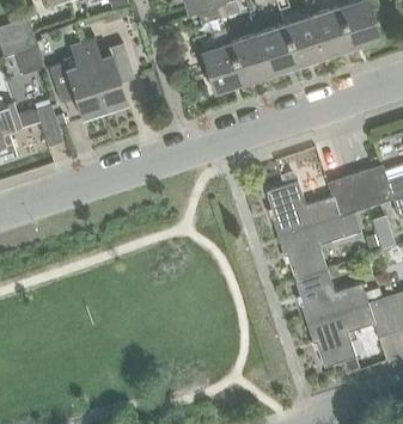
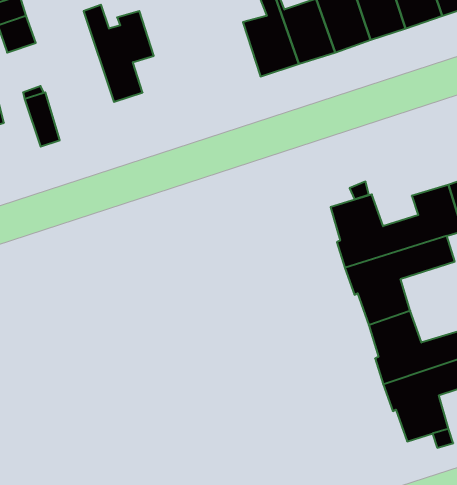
building: [49,44,104,119] -> none

